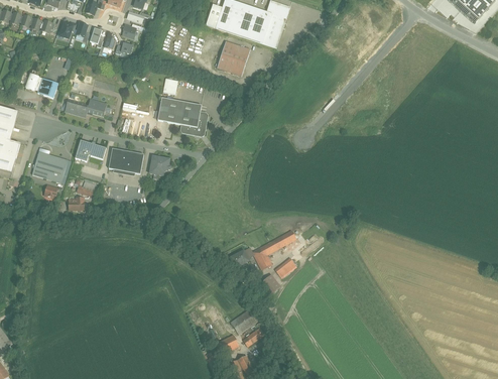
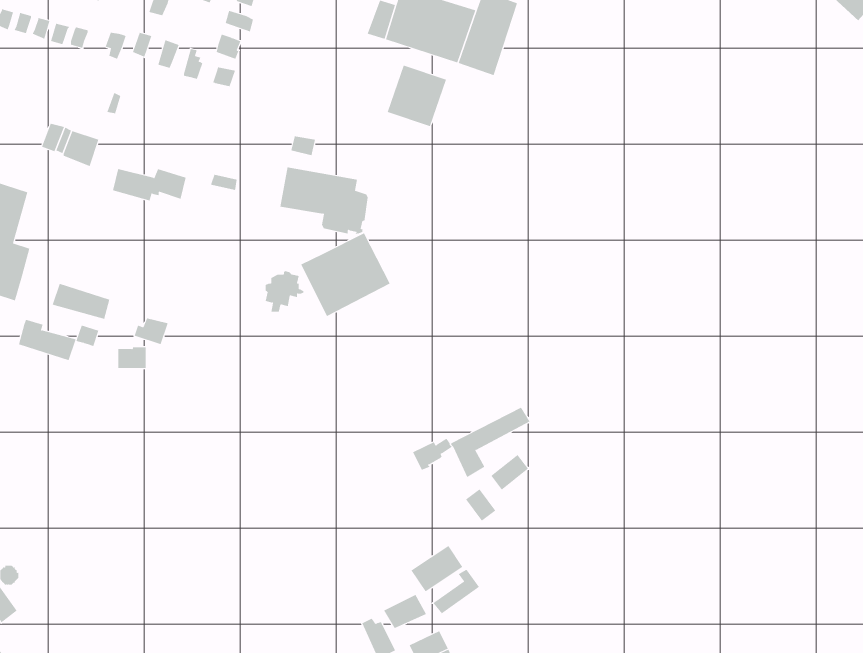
building: none -> [300,233,391,317]
building: [75,140,105,162] -> none
building: [35,148,68,171] -> [18,319,76,361]
building: [108,148,143,173] -> none

